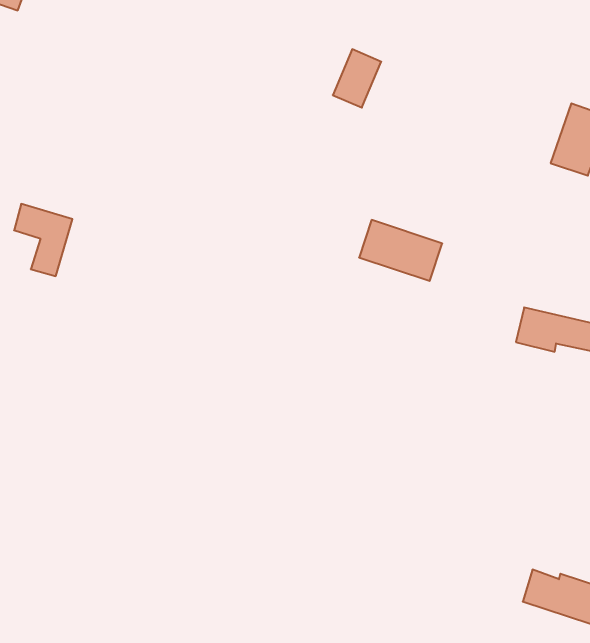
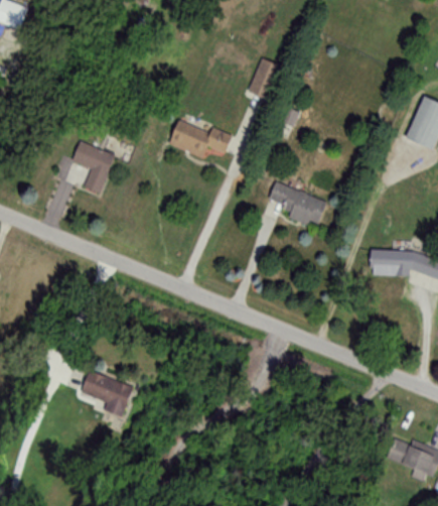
building: none -> [167,118,232,157]
building: [14,204,72,276] -> [71,142,114,195]
building: none -> [81,368,132,415]

